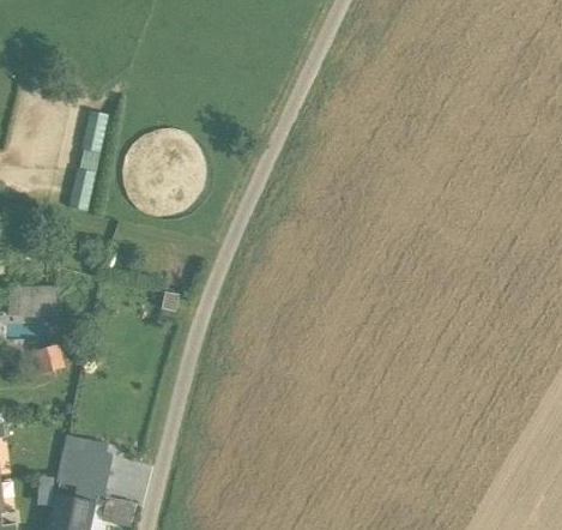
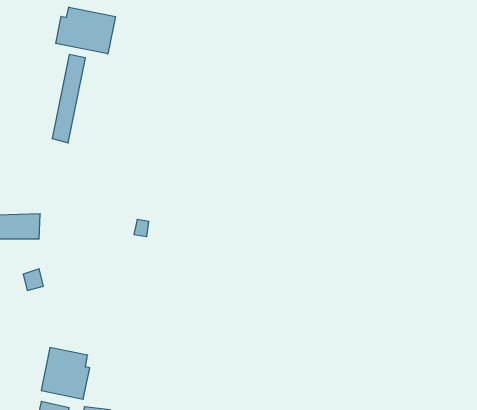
building: none -> [56,7,115,54]

